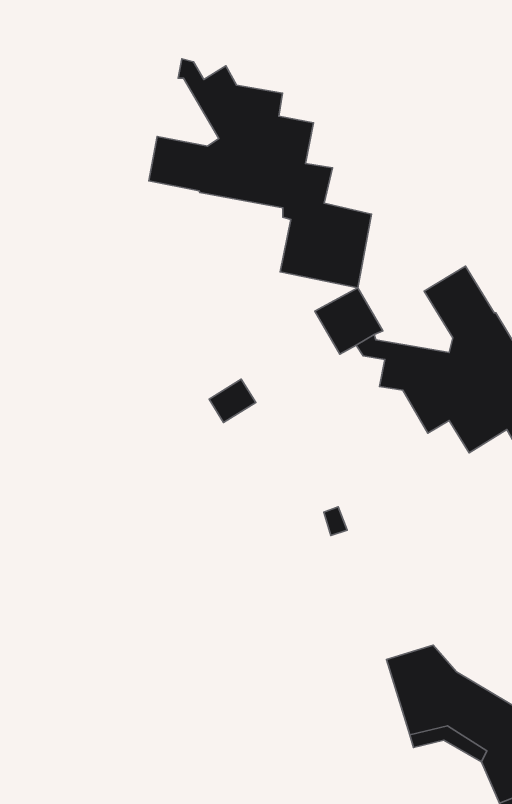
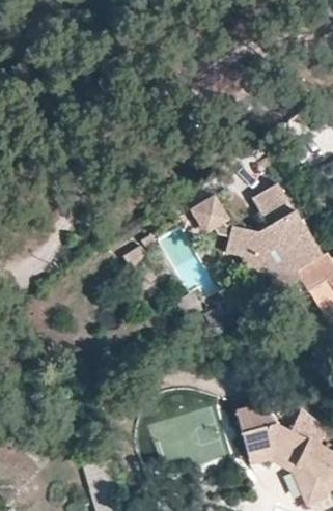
building: [149,59,371,288] -> none

